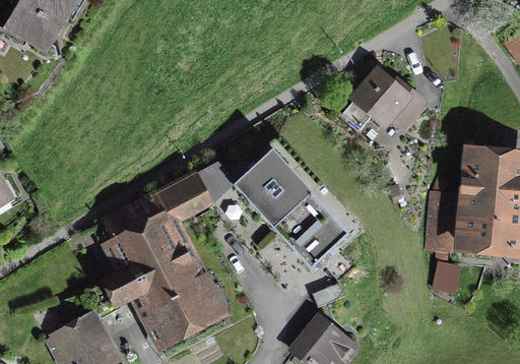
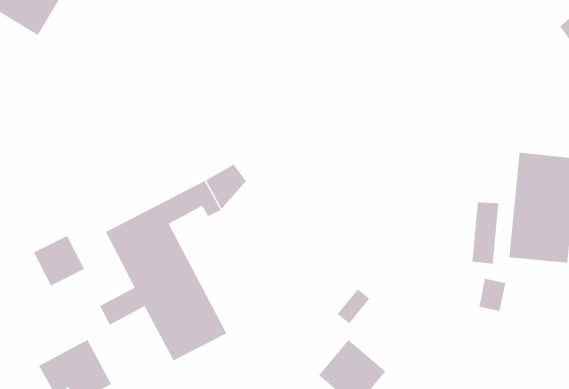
building: [343,72,422,128] -> none
building: [236,150,349,267] -> none
building: none -> [33,235,85,287]

